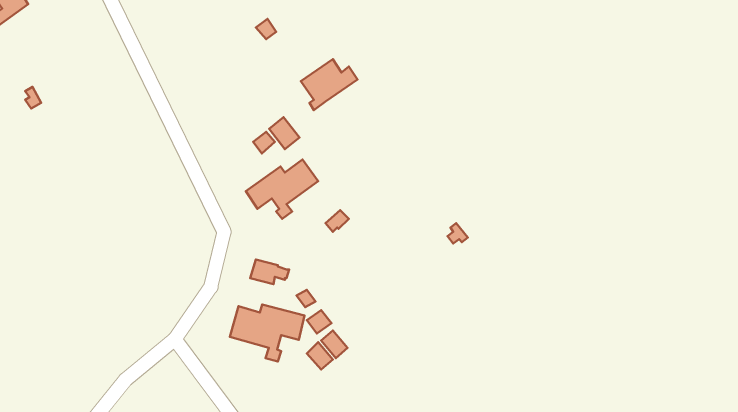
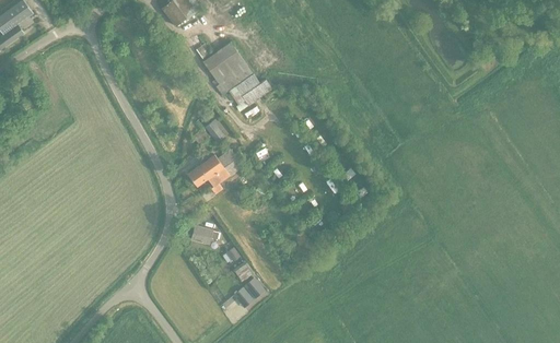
building: none -> [201,42,252,94]
building: [230,304,304,362] -> none

